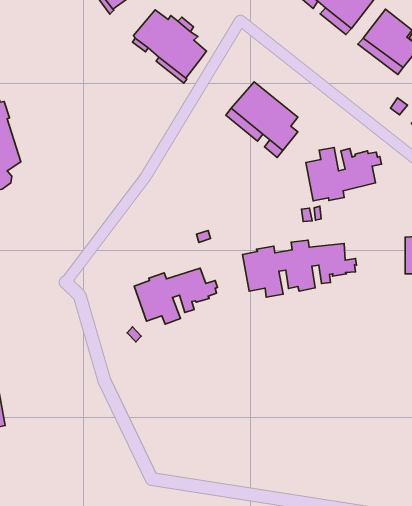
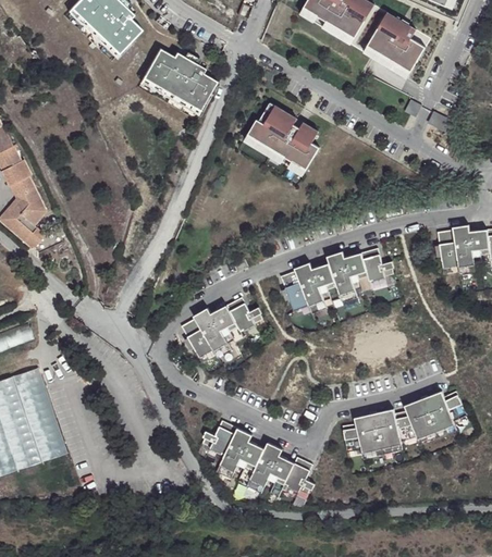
building: [306,147,381,201] -> none
building: none -> [199,417,312,494]
building: none -> [340,387,464,450]

